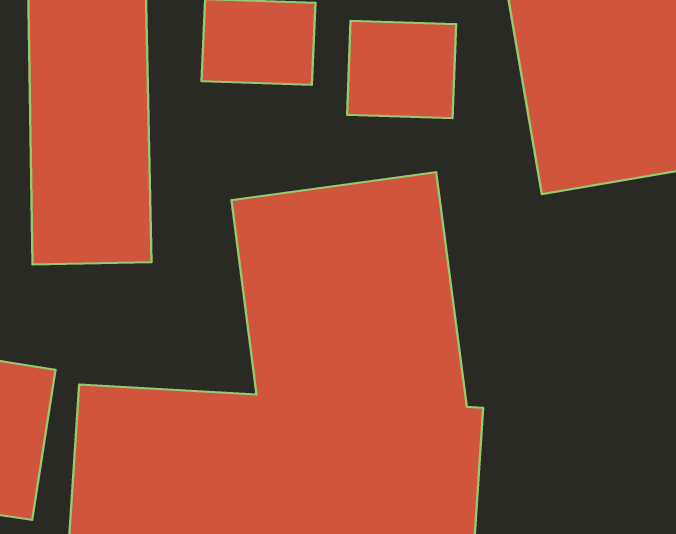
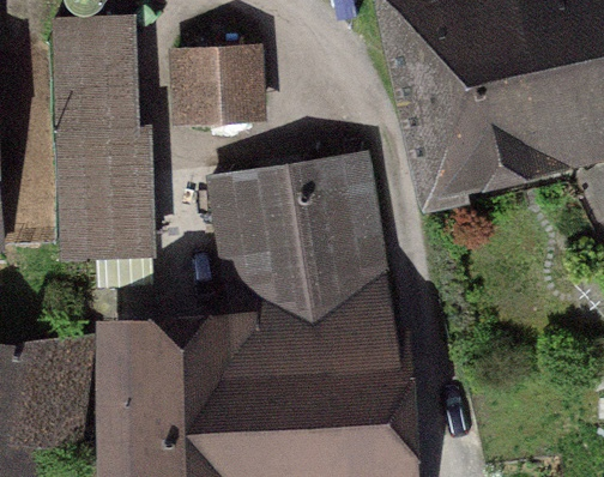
building: [347,21,456,118] -> none

